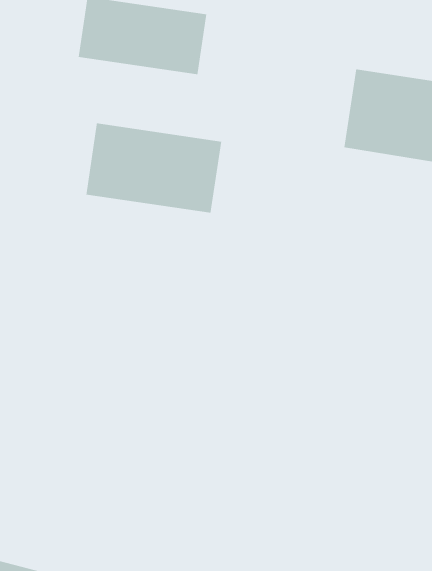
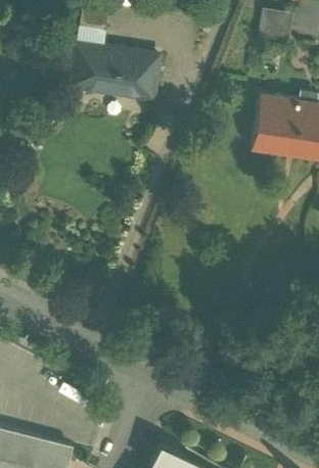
building: [86,123,222,214] -> none

